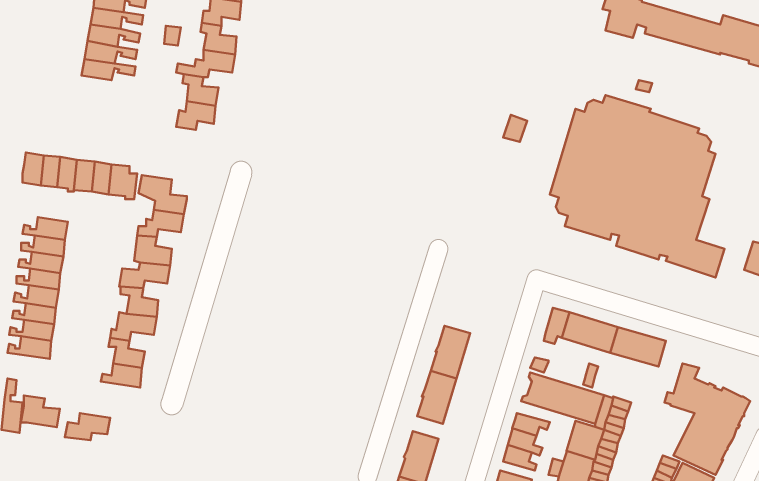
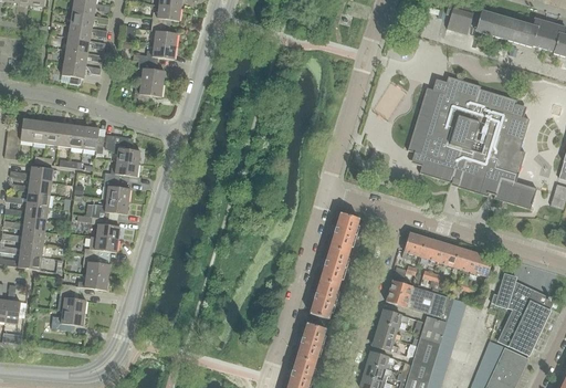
building: none -> [61,62,101,84]
building: none -> [329,212,358,251]
building: [21,395,60,427] -> [57,290,86,313]

